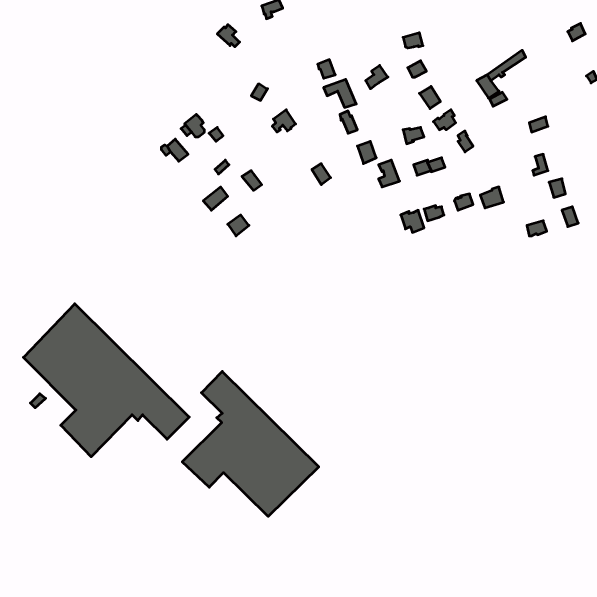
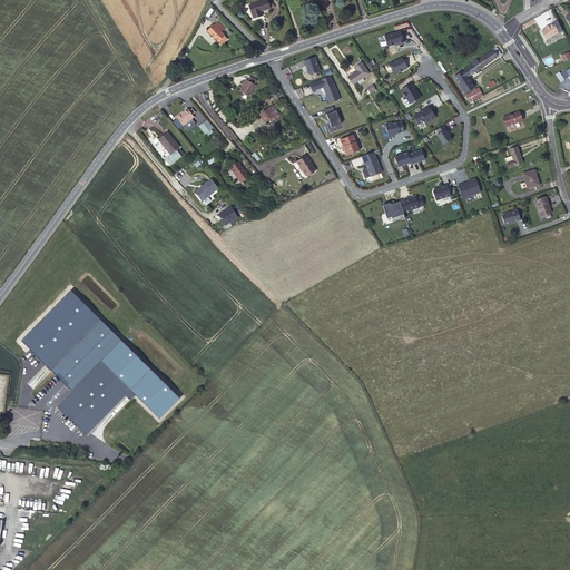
building: [182,371,319,516] -> none

